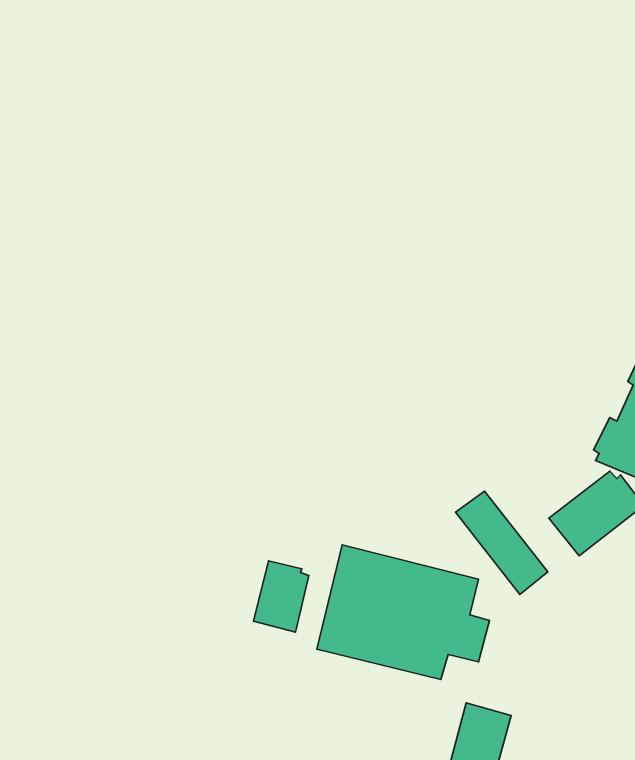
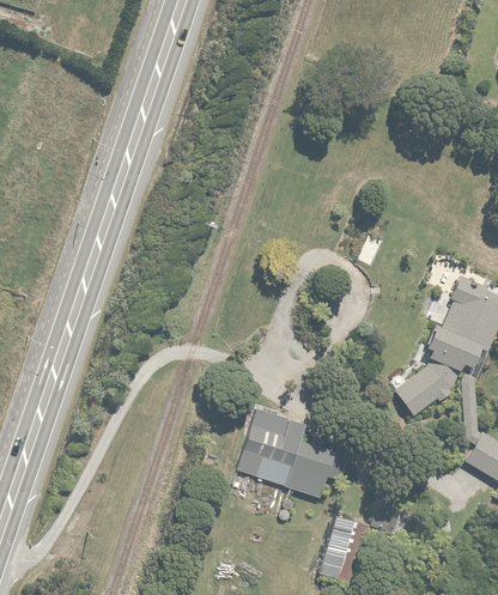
building: [456,491,548,595] -> none
building: [253,561,309,632] -> none

